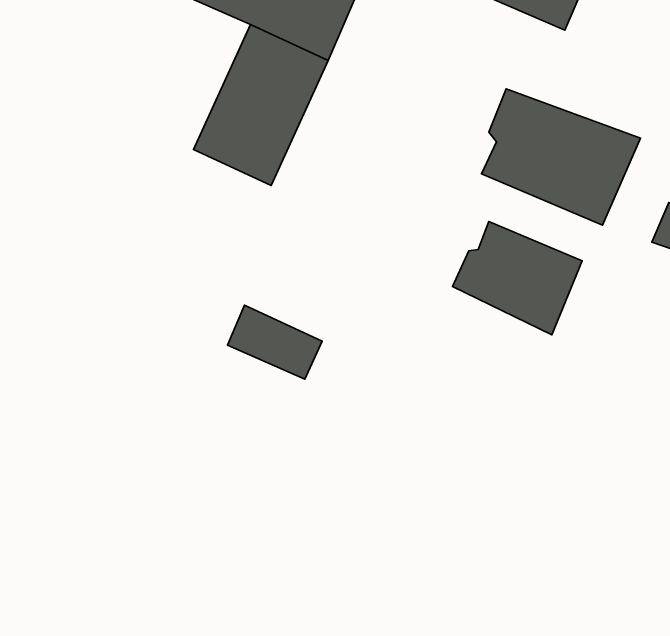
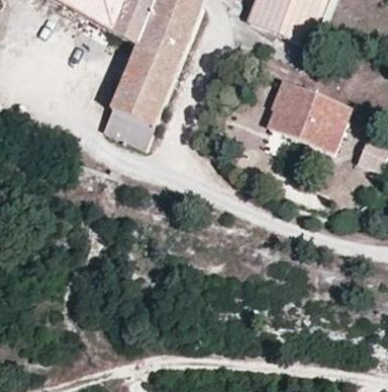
building: [453,221,582,335] -> none
building: [227,305,322,379] -> [102,107,153,147]

